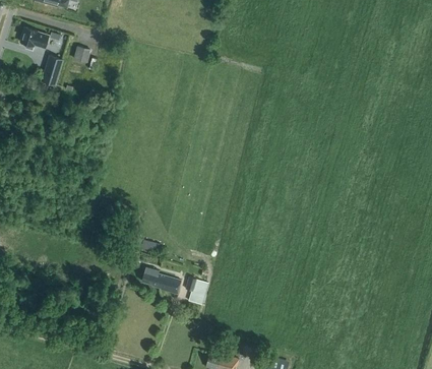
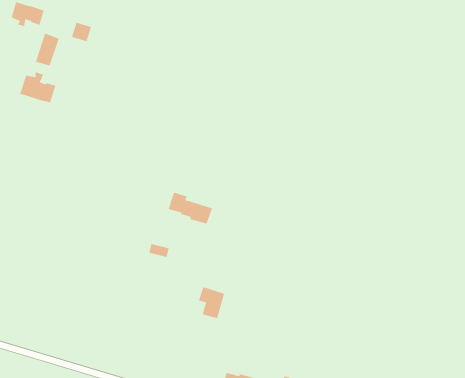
building: none -> [19,71,56,103]
building: [141,265,181,294] -> [168,192,213,224]

